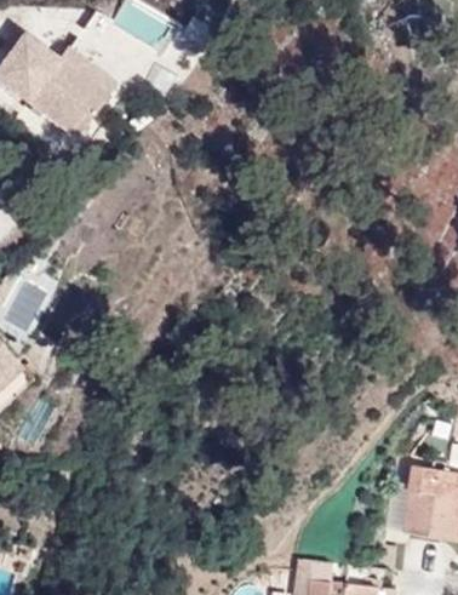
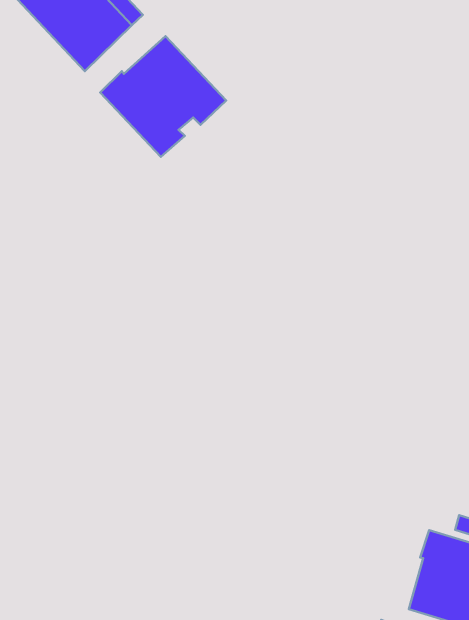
building: none -> [100,36,226,157]

